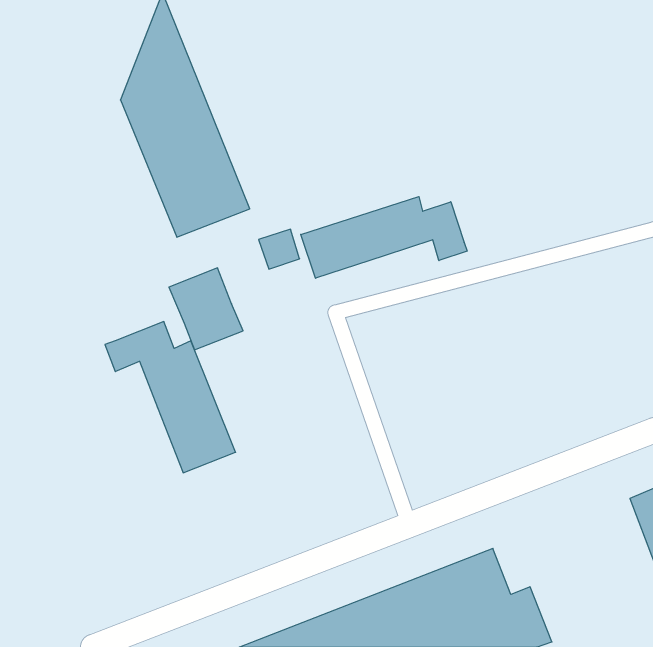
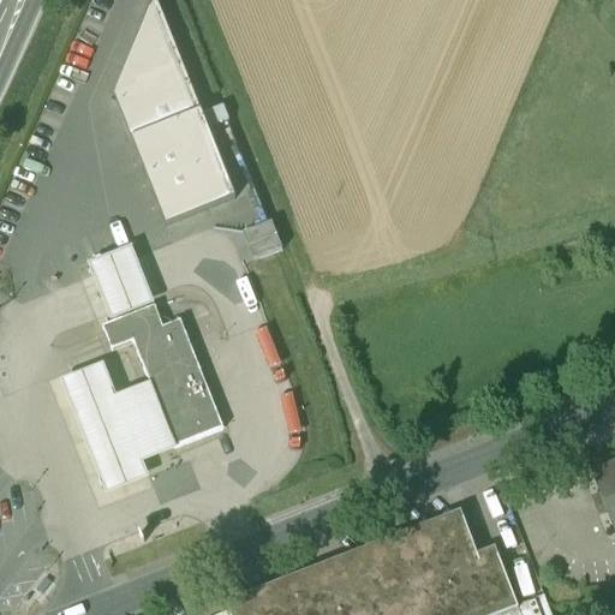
building: [301,197,467,278] -> none
building: [169,268,243,350] -> [85,243,155,320]
building: none -> [61,363,175,492]

